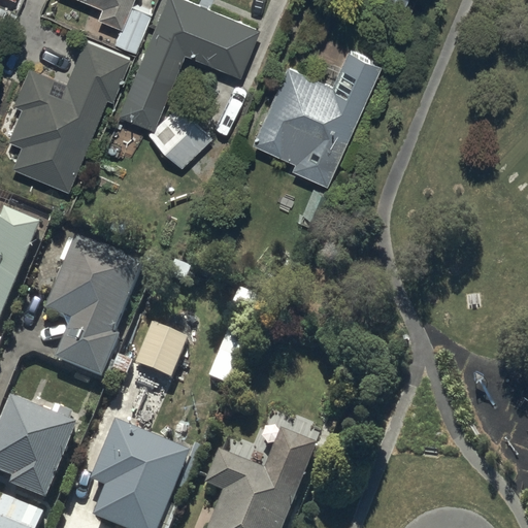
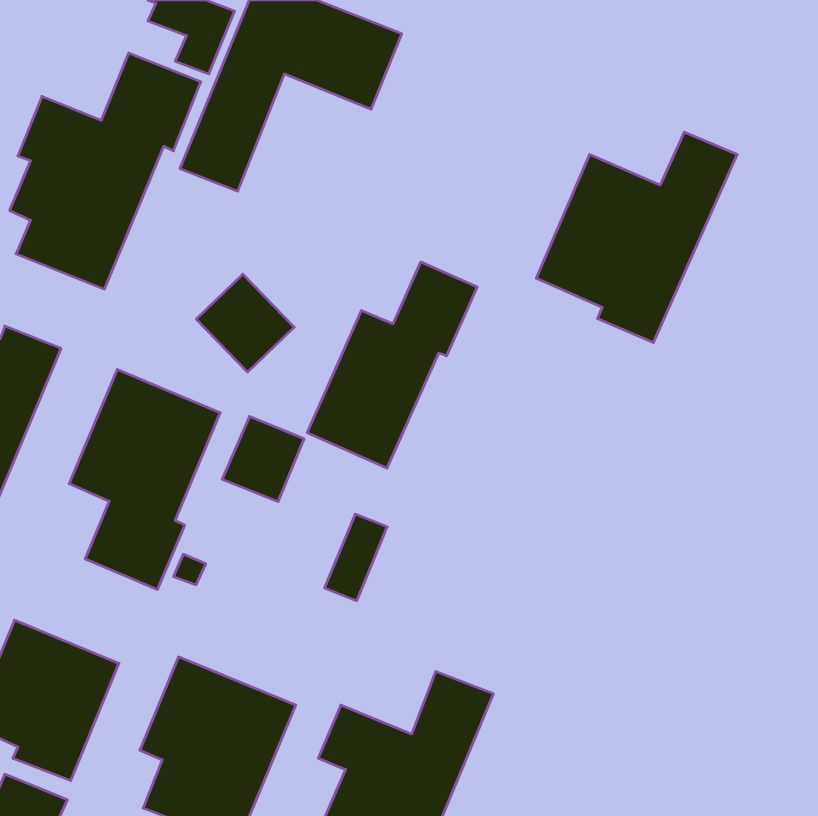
building: [251,47,380,183] -> [536,132,737,343]
building: [147,103,210,166] -> [196,274,294,372]
building: none -> [307,262,477,468]
building: [134,328,187,383] -> [222,416,304,502]

